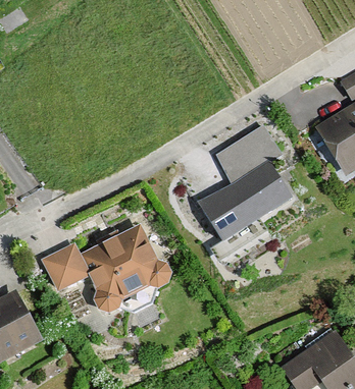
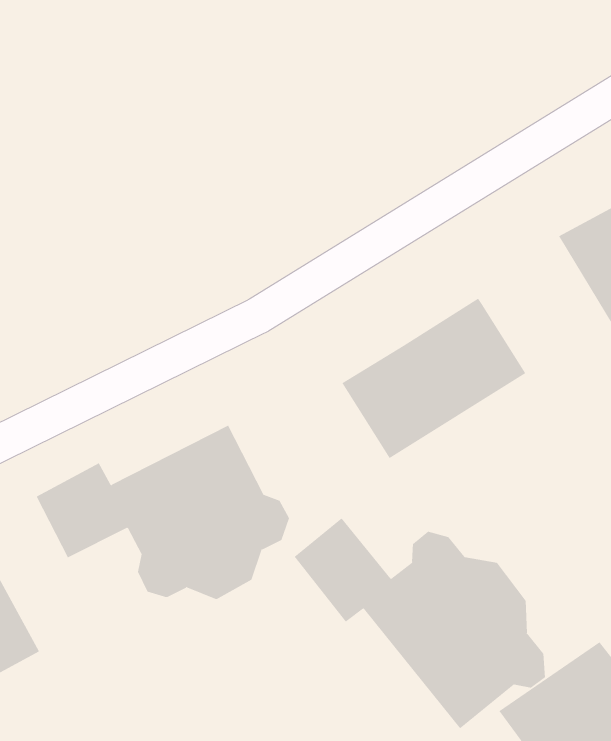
building: [213,121,283,181] -> none
building: none -> [294,518,546,729]

